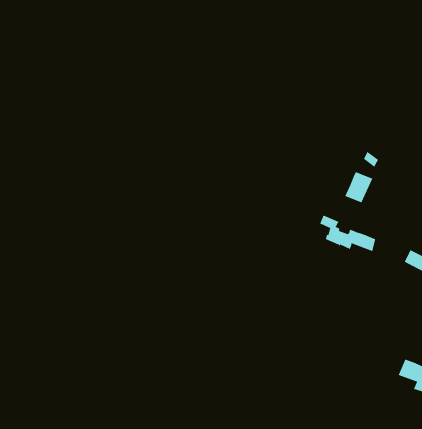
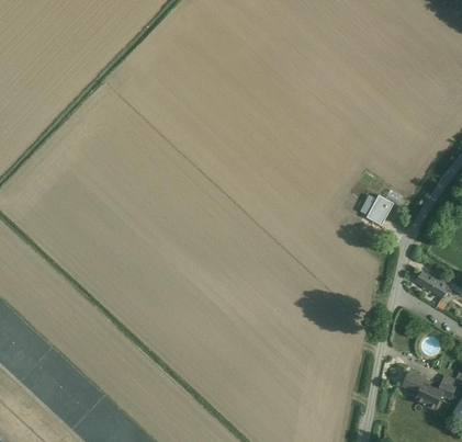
building: [319,215,376,252] -> none

